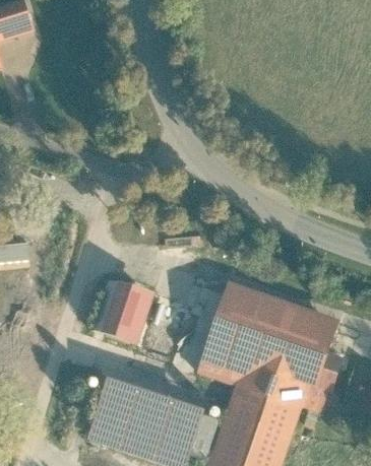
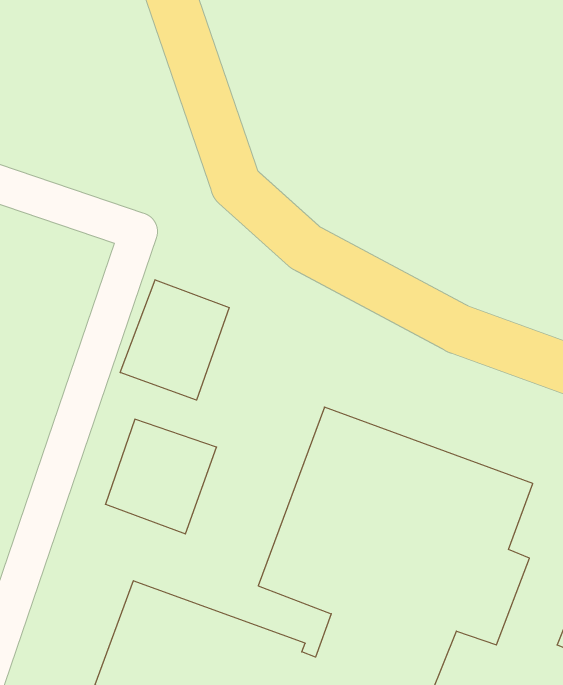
building: none -> [120,280,229,400]

